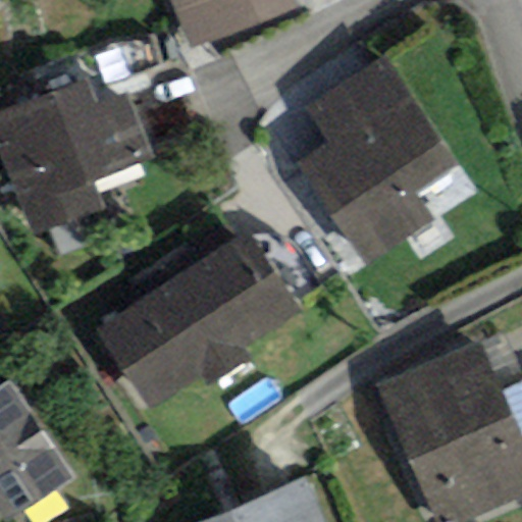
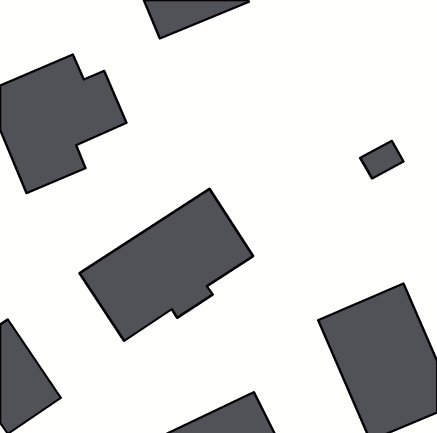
building: [295,55,459,266] -> none

